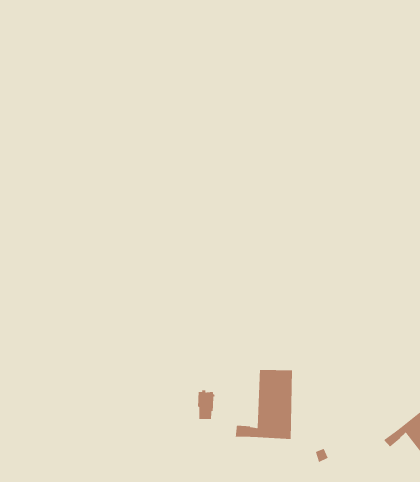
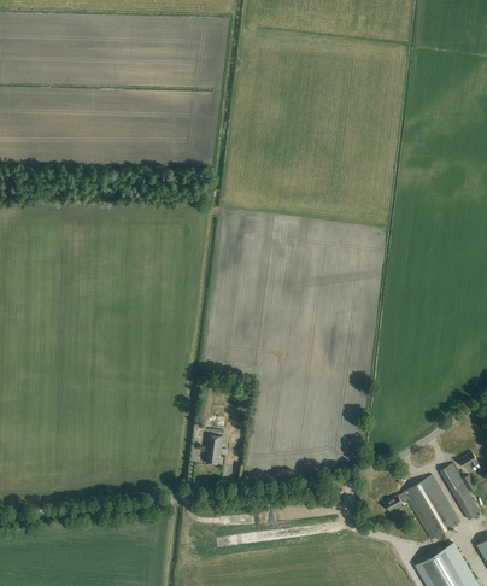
building: [235,369,293,440] -> none

